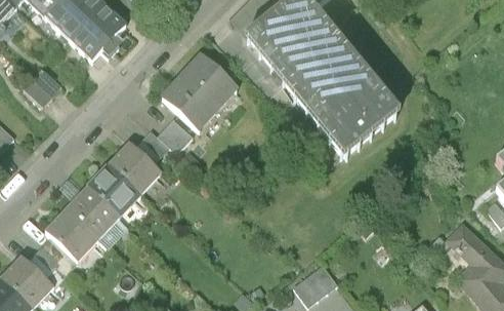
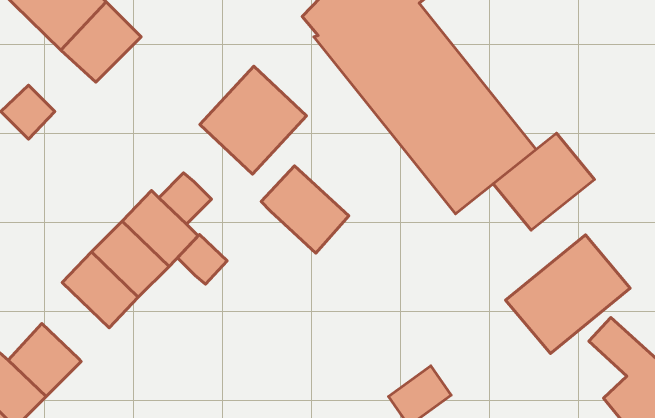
building: none -> [493,133,594,230]
building: [162,115,197,150] -> [178,234,227,284]
building: none -> [261,166,349,253]
building: none -> [506,235,630,353]
building: [48,202,102,256] -> none

